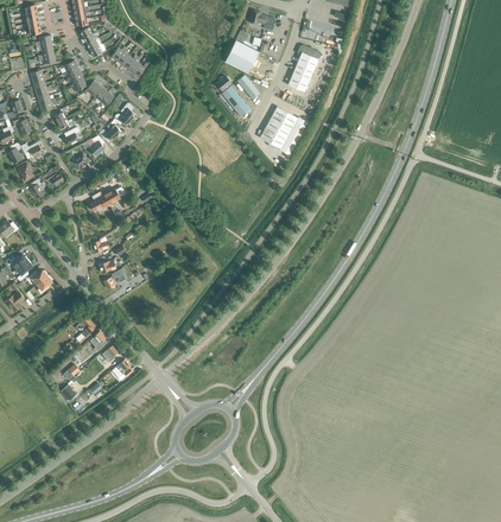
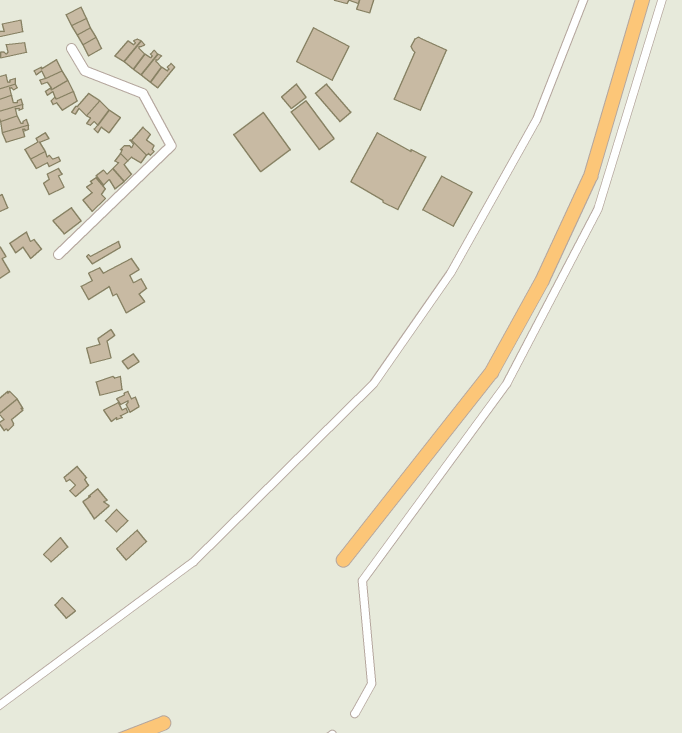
building: none -> [234,112,290,172]
building: none -> [423,176,472,226]

